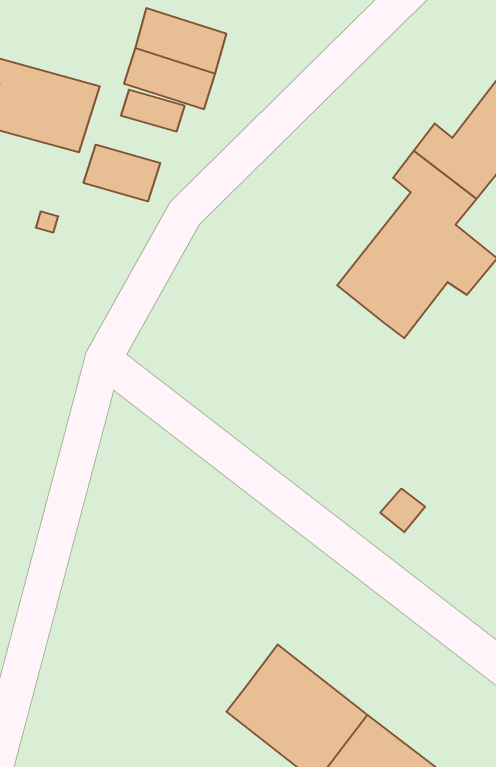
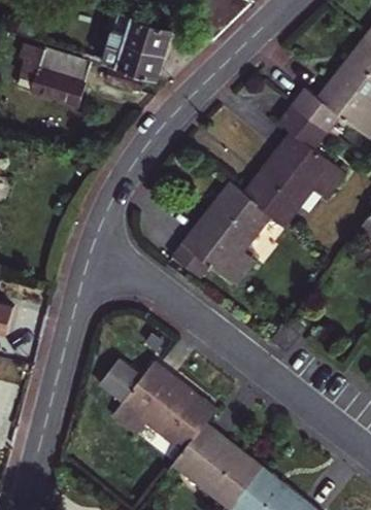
building: [84,145,160,201] -> none
building: none -> [171,180,274,286]
building: none -> [100,356,215,450]

